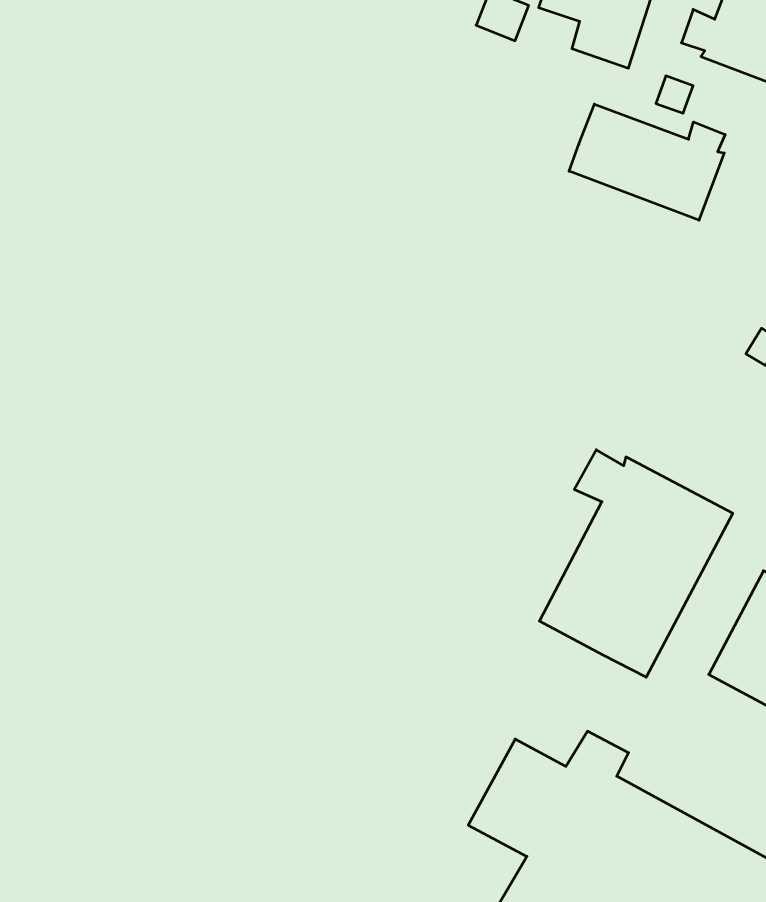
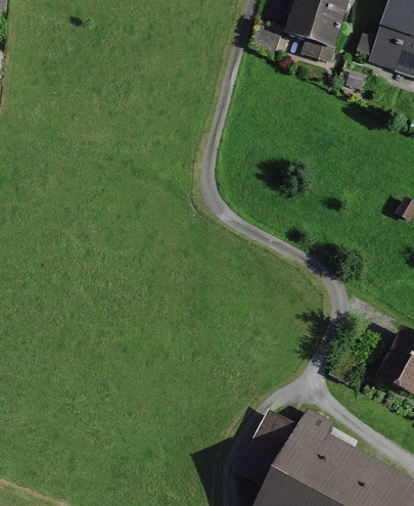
building: [569,104,725,220] -> none
building: [539,450,733,677] -> none

